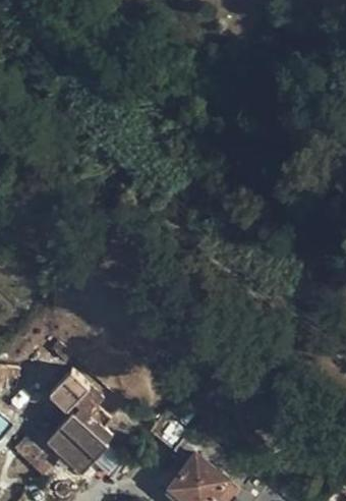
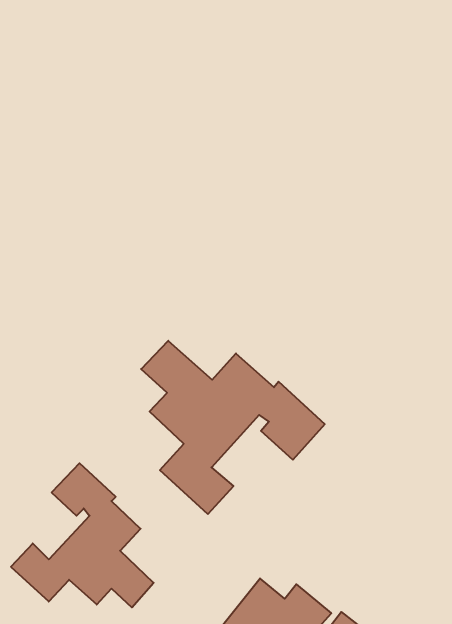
building: none -> [141,341,325,514]

